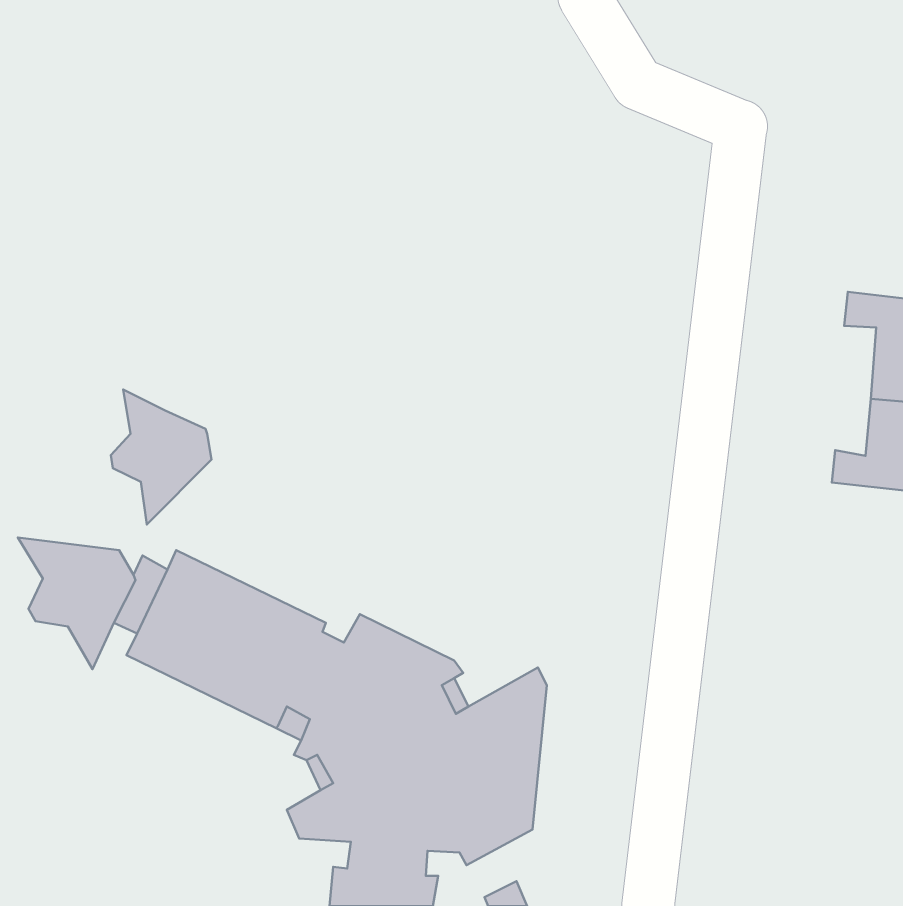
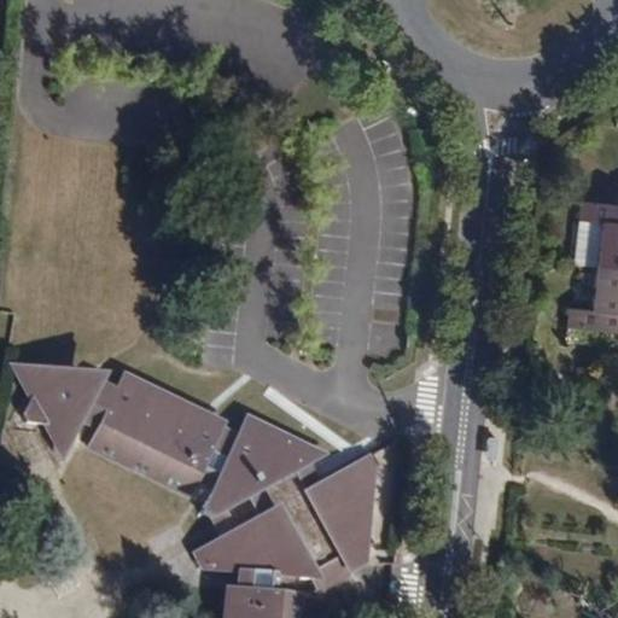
building: [111,390,212,525] -> none

